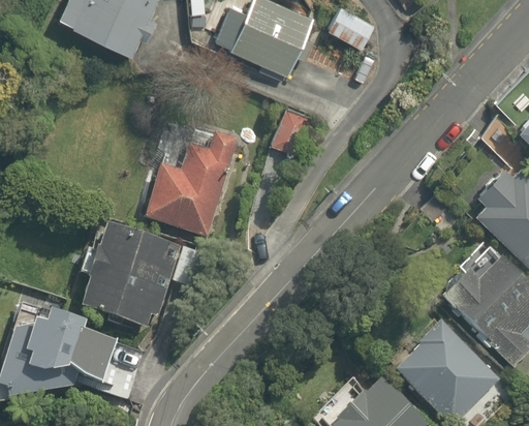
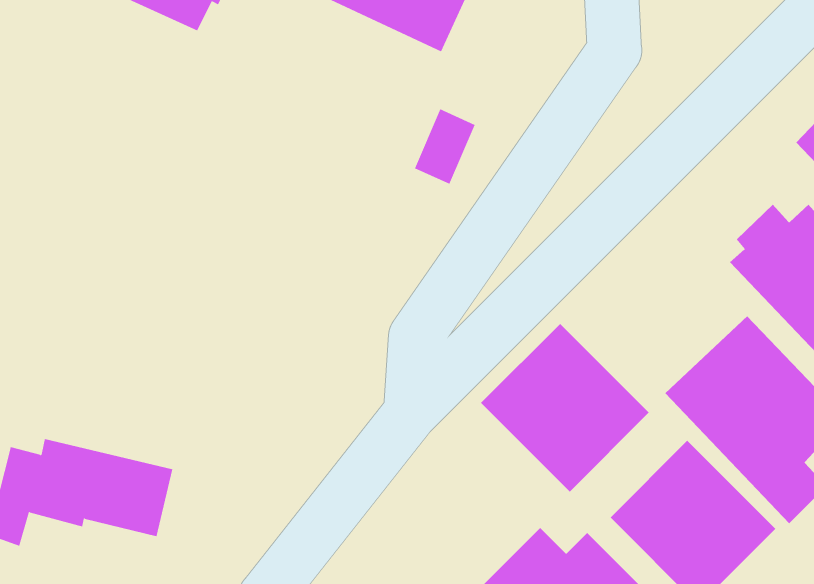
building: [143,123,245,240] -> none
building: [80,219,206,328] -> none
building: none -> [480,323,650,492]

